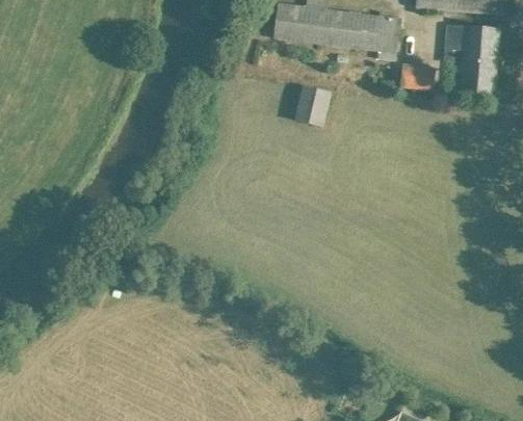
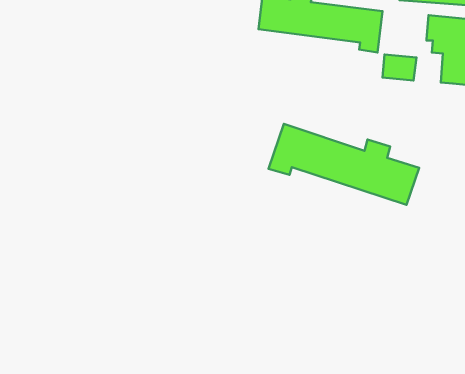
building: [296,86,329,125] -> none
building: none -> [269,124,419,205]

